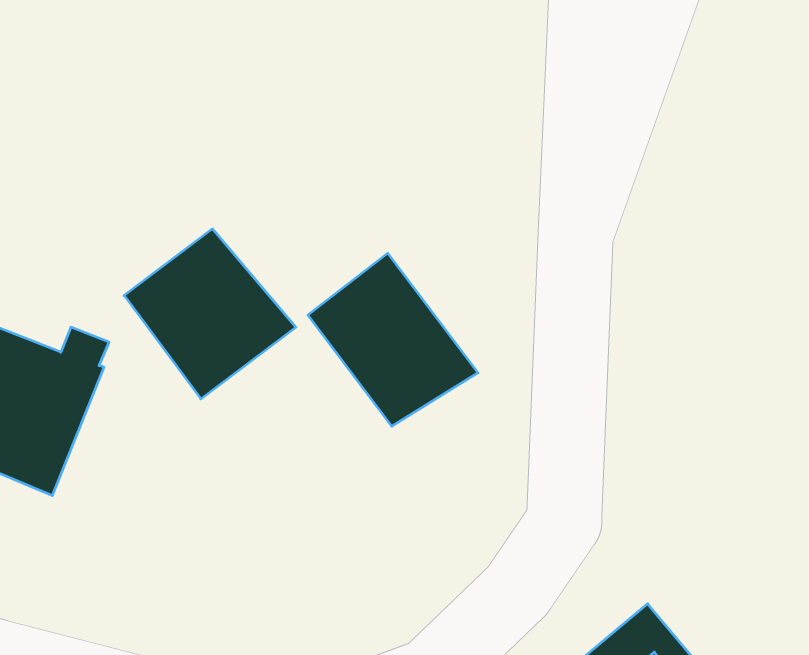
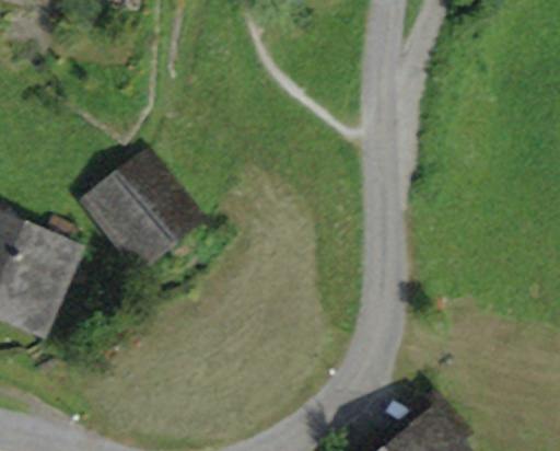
building: [308,253,478,426] -> none

